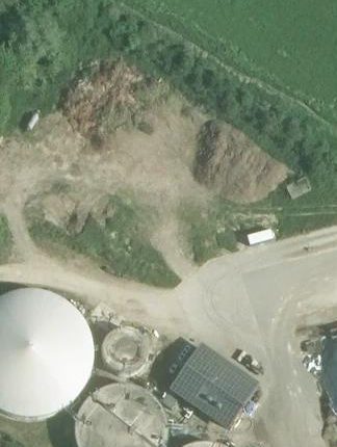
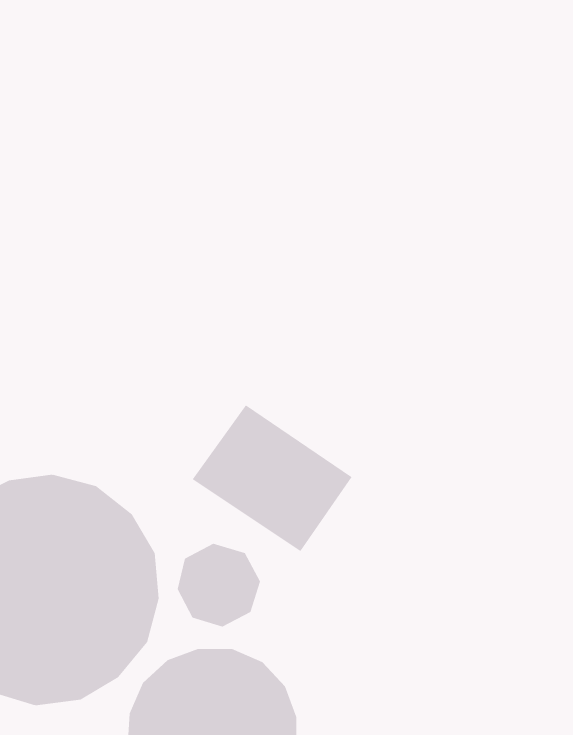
building: [171,345,258,425] -> [192,405,353,552]

